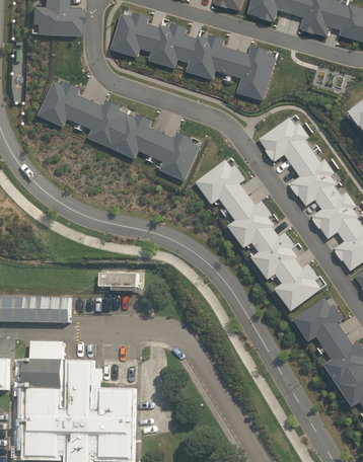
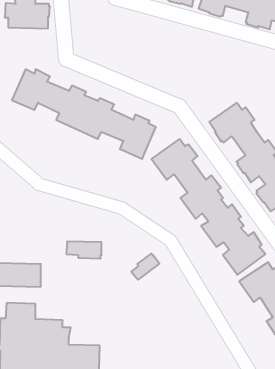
building: [111,11,276,100] -> none
building: none -> [131,253,159,280]

